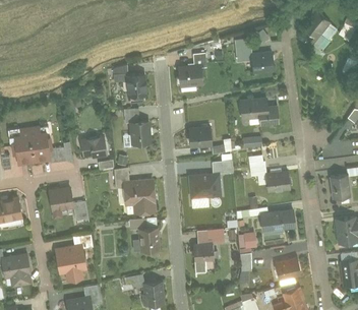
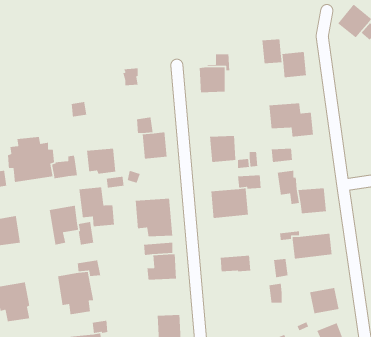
building: [124,72,145,98] -> none
building: none -> [79,187,115,227]
building: [192,243,213,273] -> none

